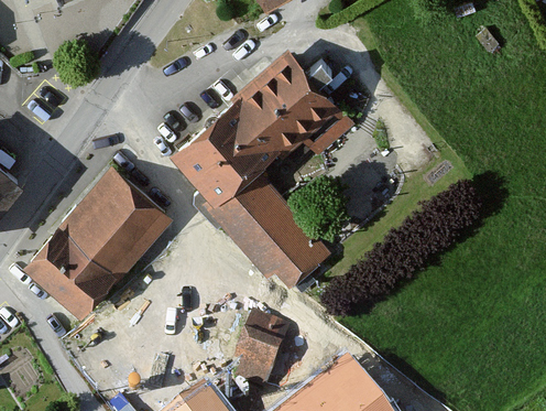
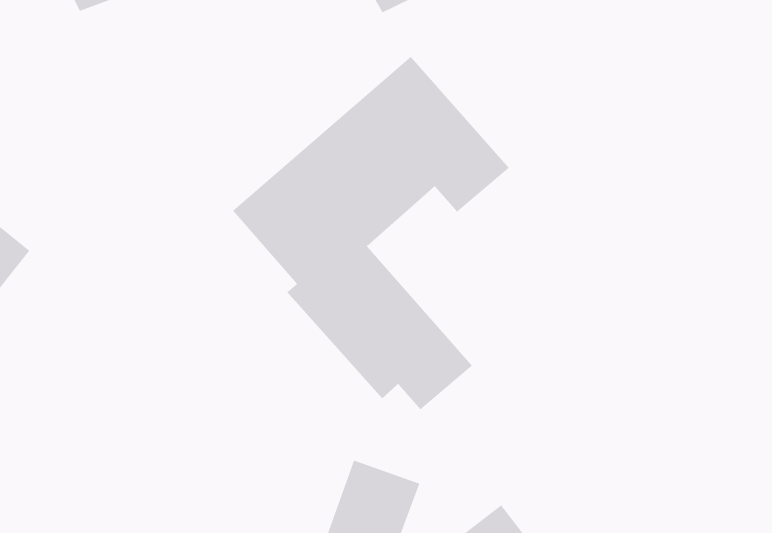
building: [23,163,174,317] -> none

